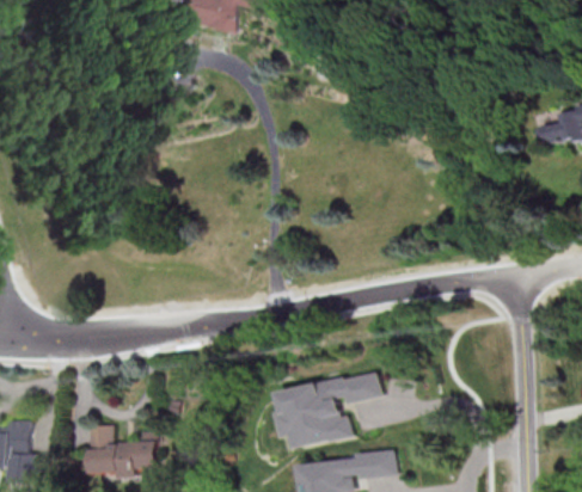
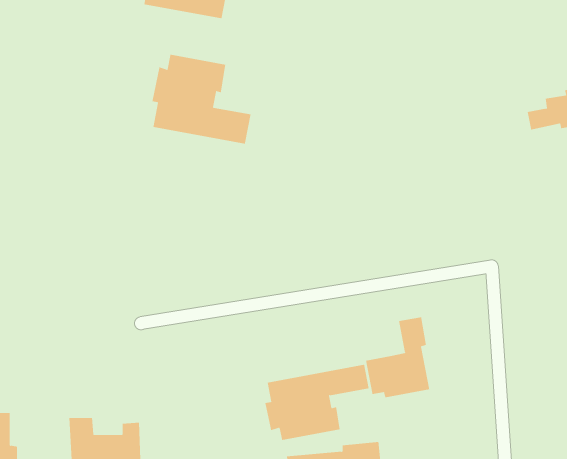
building: none -> [152,54,251,144]
building: none -> [365,316,430,398]

